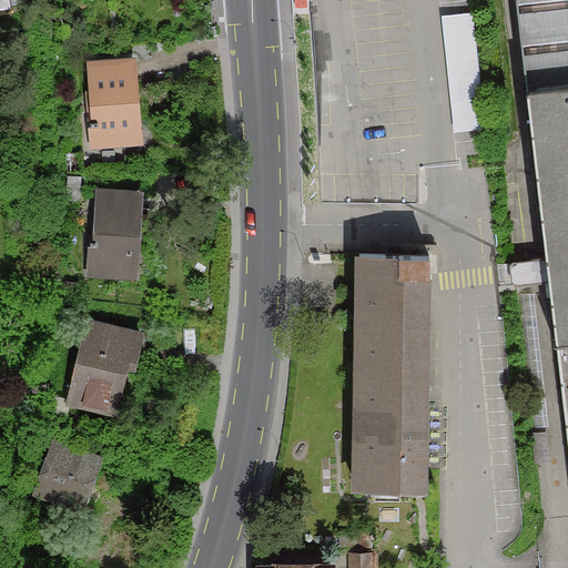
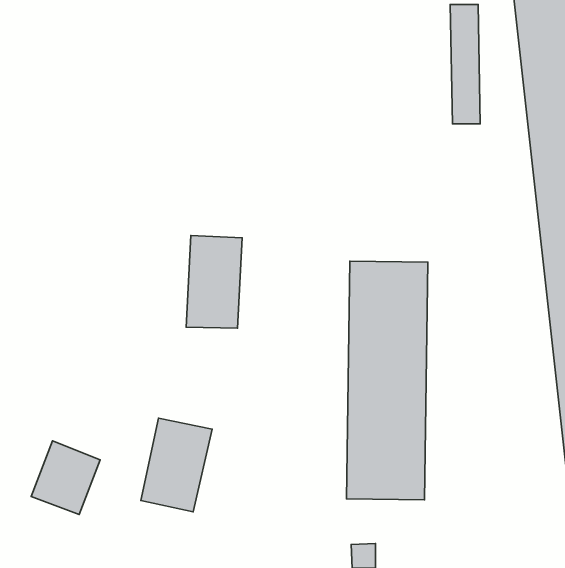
building: [85,59,142,149] -> none
building: [90,183,145,275] -> [186,236,242,328]
building: [70,322,141,415] -> [141,418,212,512]

